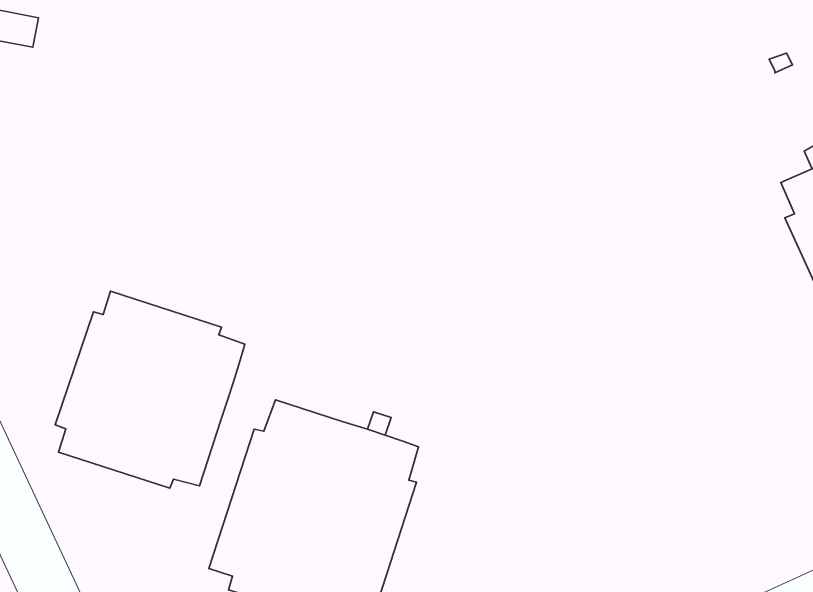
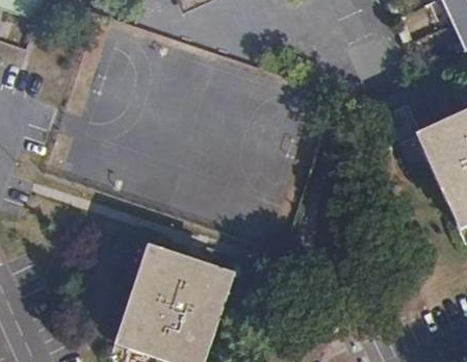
building: [55,291,245,488] -> none

